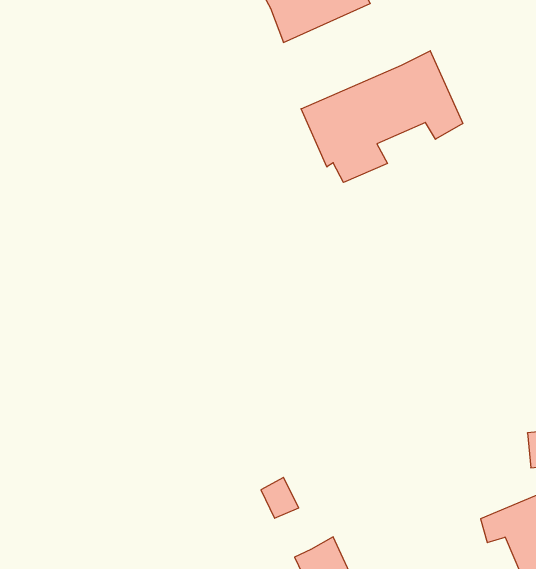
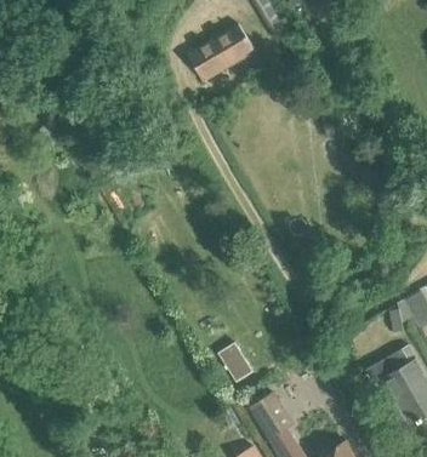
building: [301,51,463,182] -> none

